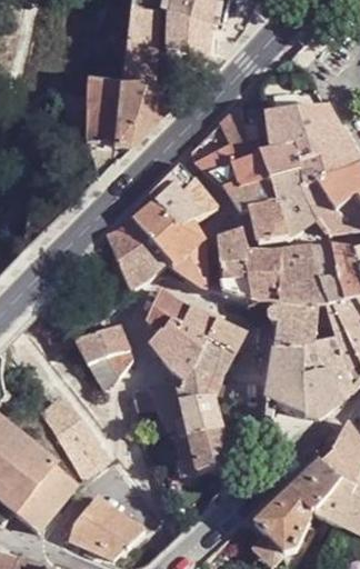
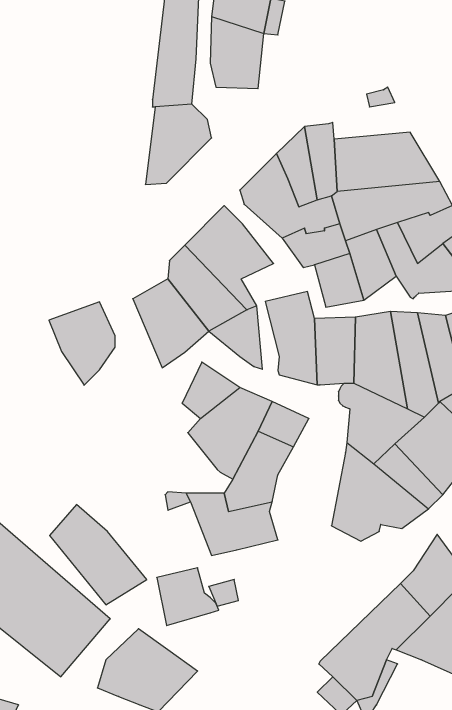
building: [87,77,124,148] -> none
building: [79,323,131,389] -> [49,302,115,385]
building: [189,426,238,471] -> [157,568,219,626]

